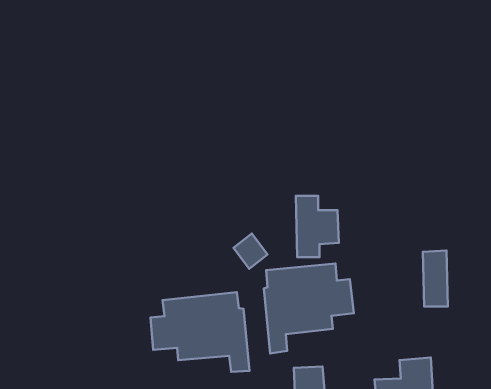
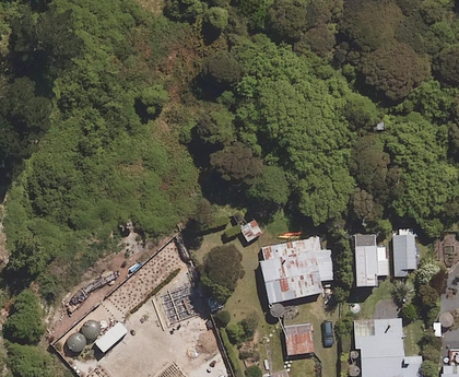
building: [296,196,339,257] -> [352,235,388,286]
building: [150,292,250,372] -> none

